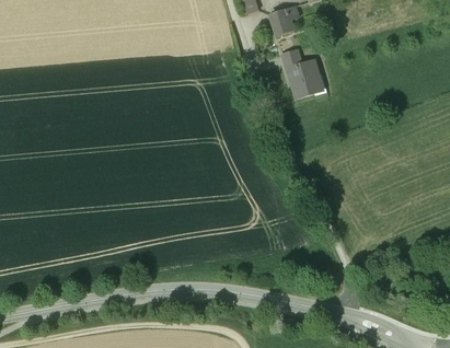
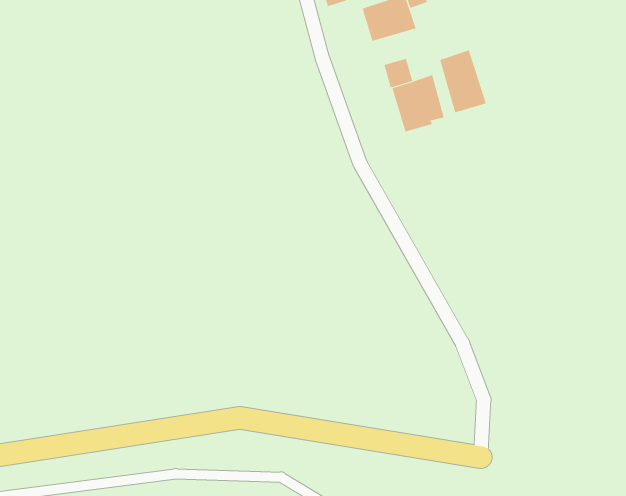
building: none -> [440,49,487,113]

